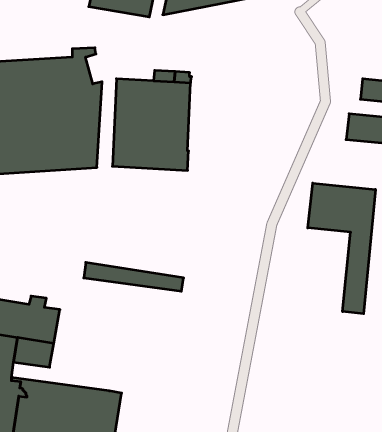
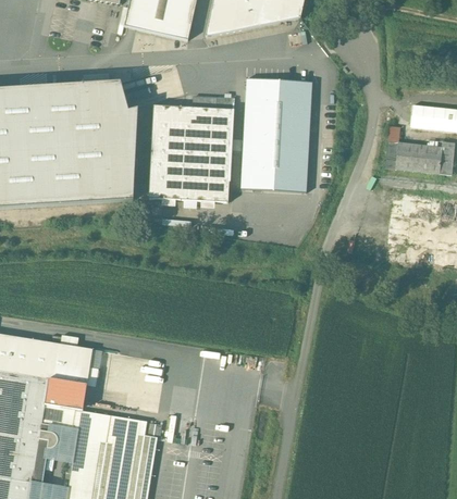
building: none -> [240,78,312,191]
building: [308,183,375,314] -> none
building: [84,262,184,291] -> [41,403,147,434]

